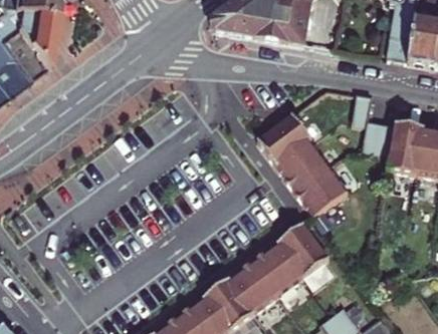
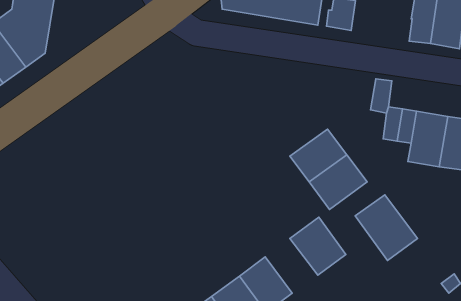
building: [257,113,311,165] -> none
building: none -> [355,195,418,261]
building: [253,243,302,294] -> none

